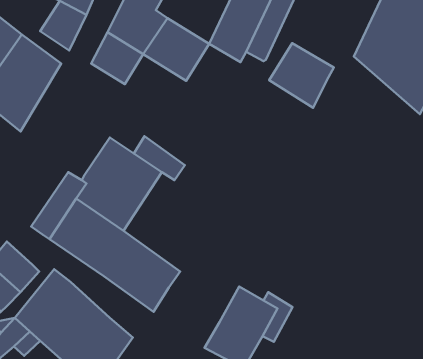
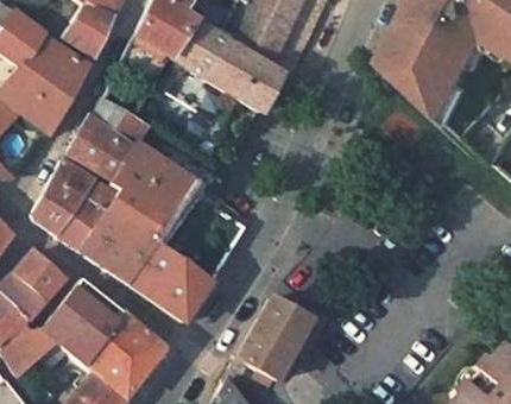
building: [269,43,334,108] -> [217,48,284,114]
building: none -> [69,97,150,183]
building: none -> [32,159,96,235]

